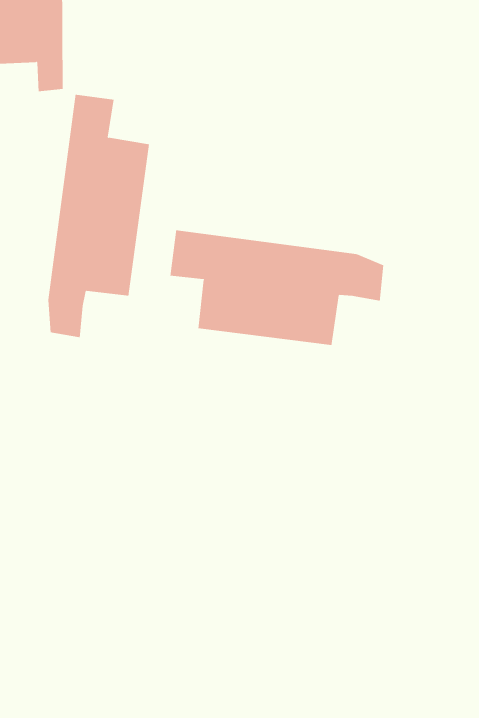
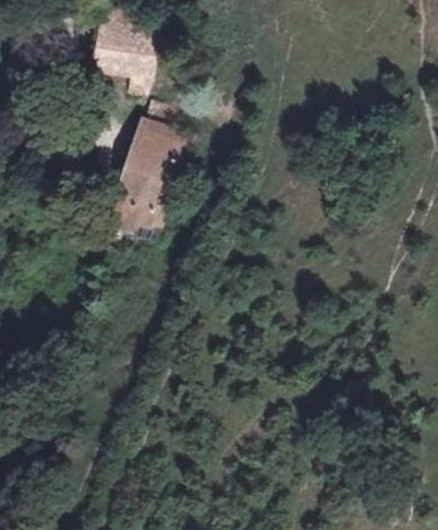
building: [170,230,384,346] -> none

